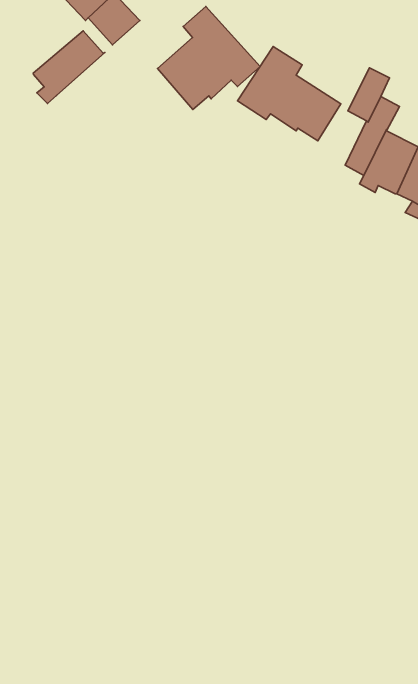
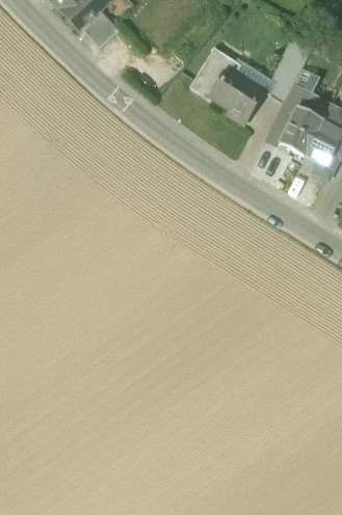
building: [157,6,260,110] -> none
building: [33,31,105,104] -> none

